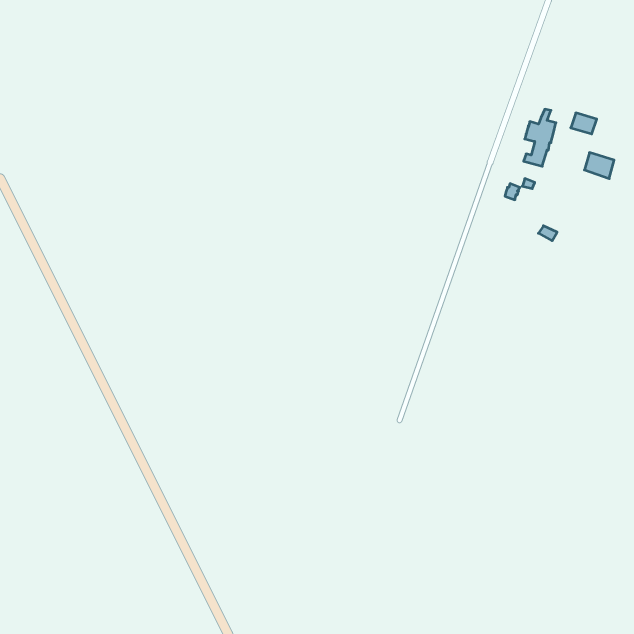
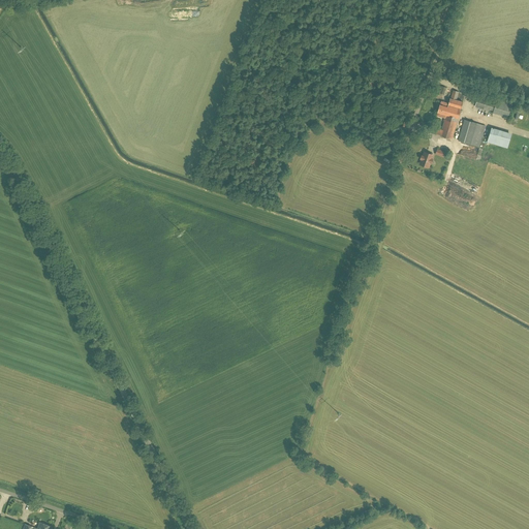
building: none -> [458,120,486,147]

